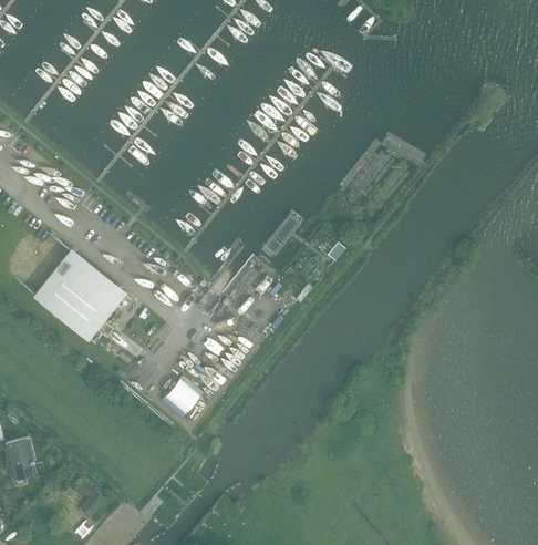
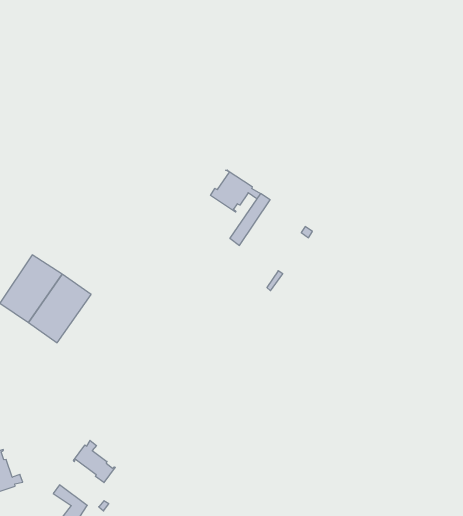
building: none -> [211,170,261,212]
building: none -> [74,440,115,483]

